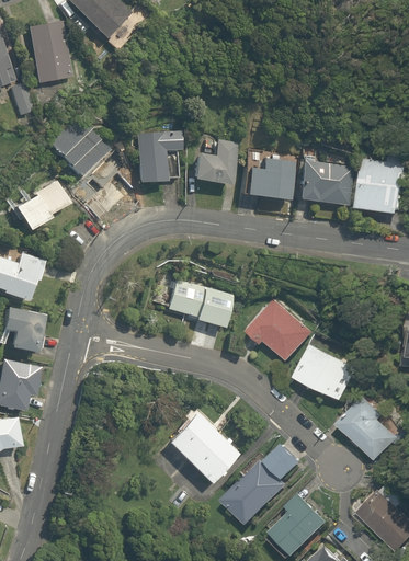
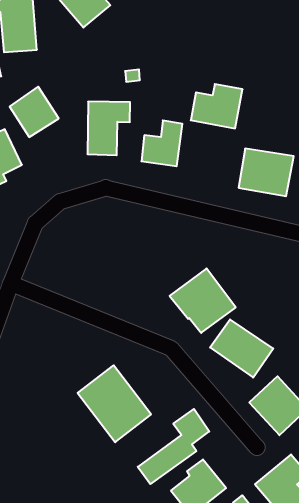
building: [243,159,294,203] -> [191,84,243,128]
building: [161,275,228,325] -> none

